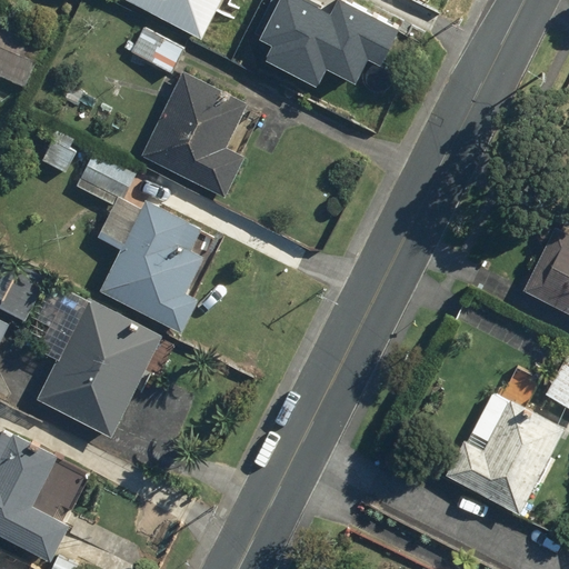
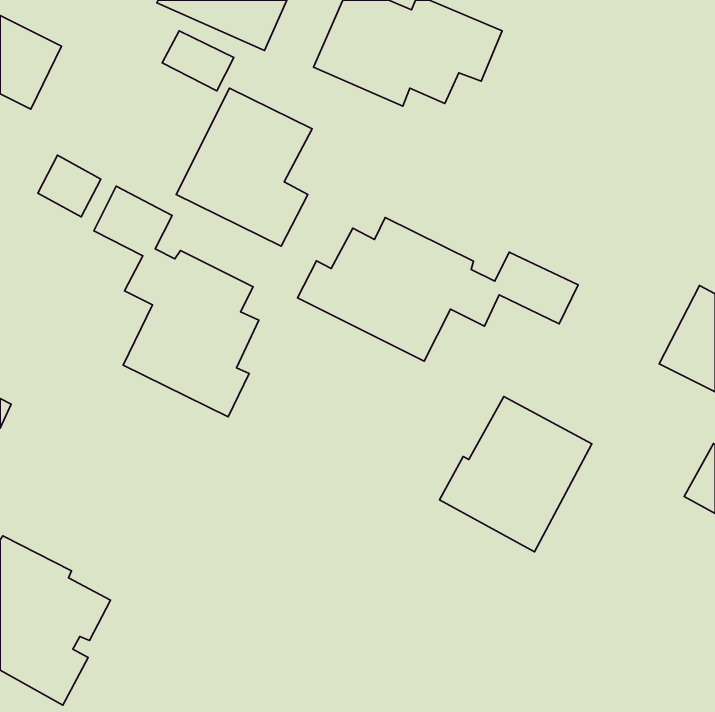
building: none -> [297,218,578,361]
building: [29,281,162,437] -> none
building: [442,391,563,515] -> [439,396,592,552]

